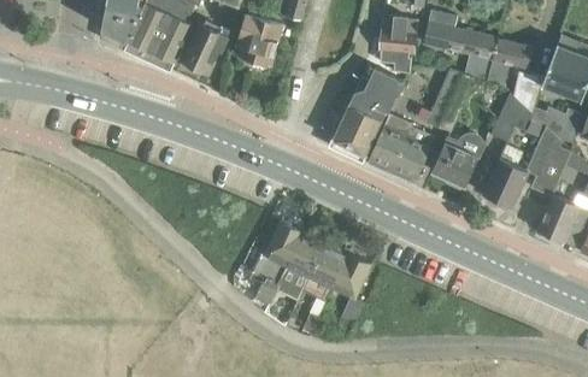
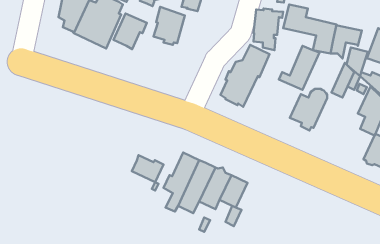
building: [369,114,434,179] -> none
building: [483,145,528,207] -> none
building: none -> [132,155,163,182]

